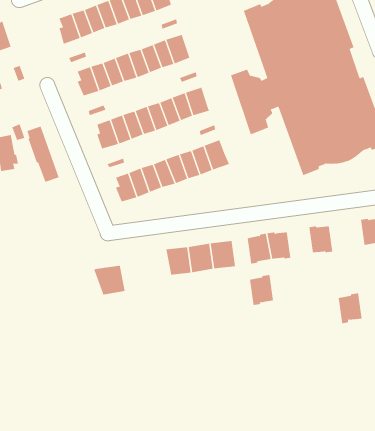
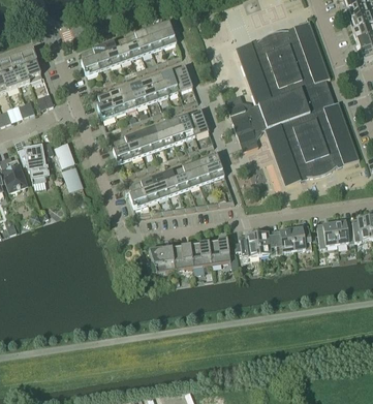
building: [93,265,125,296] -> [148,246,175,272]
building: [249,275,274,305] -> [273,227,293,253]
building: [338,293,362,324] -> [316,221,337,247]

